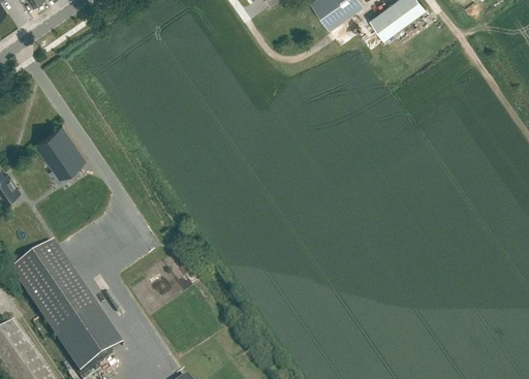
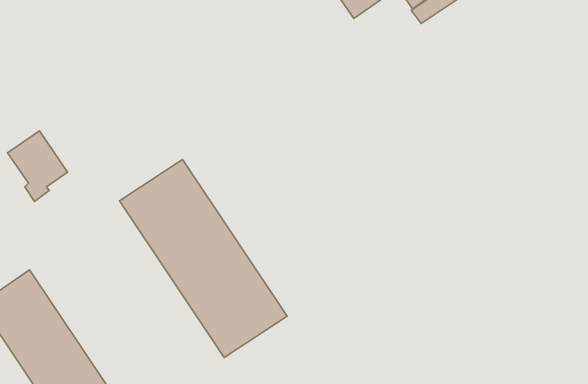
building: none -> [119,160,287,357]

